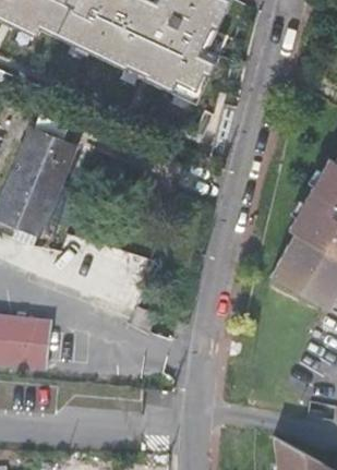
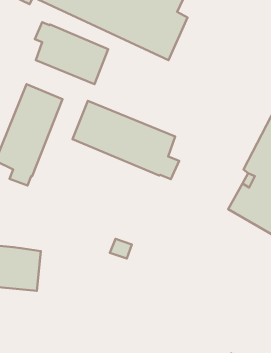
building: none -> [35,22,108,84]
building: none -> [73,101,179,179]

